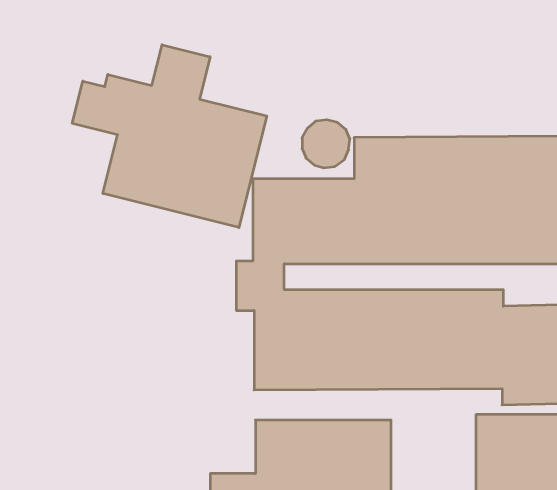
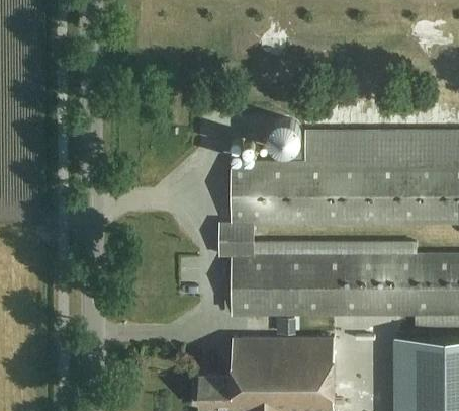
building: [72,45,267,228] -> none

